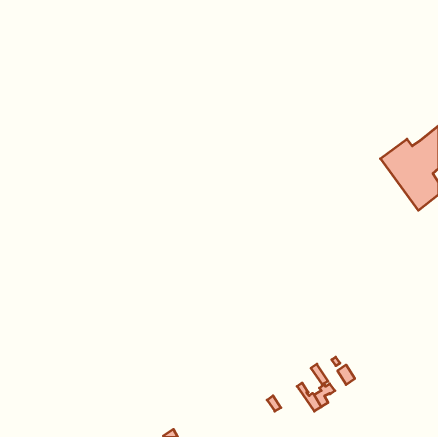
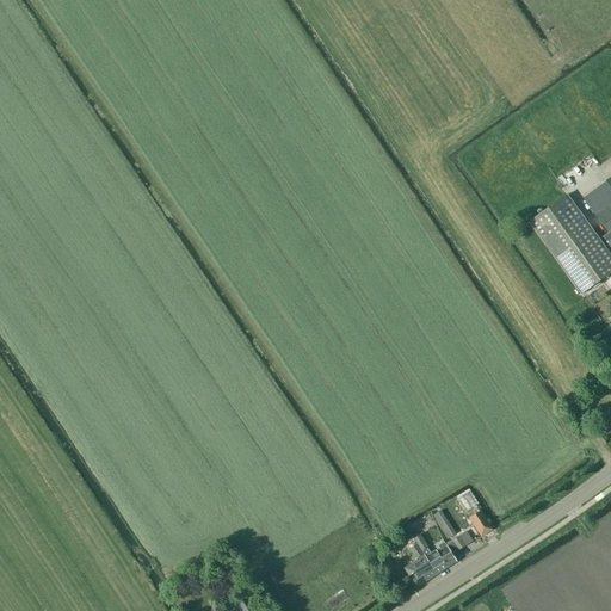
building: none -> [406,541,438,585]

